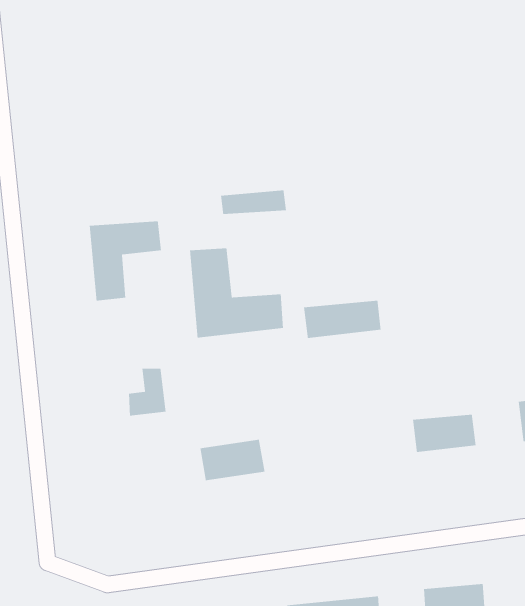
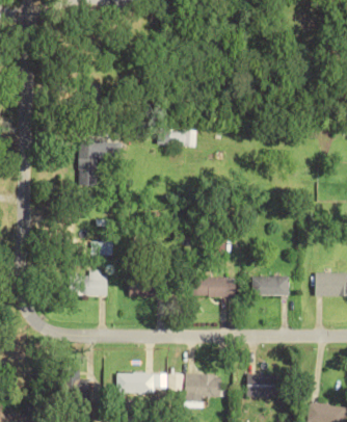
building: [189,247,284,339] -> none
building: [303,300,382,339] -> [191,278,235,296]
building: none -> [80,269,107,295]

